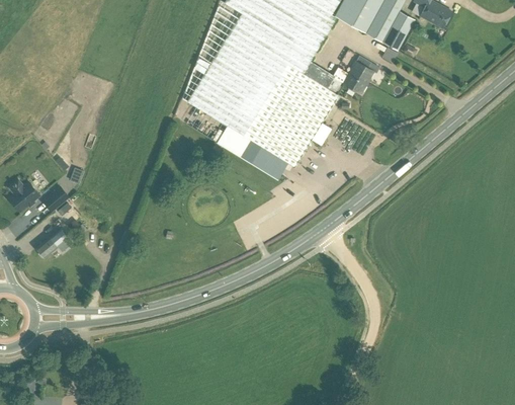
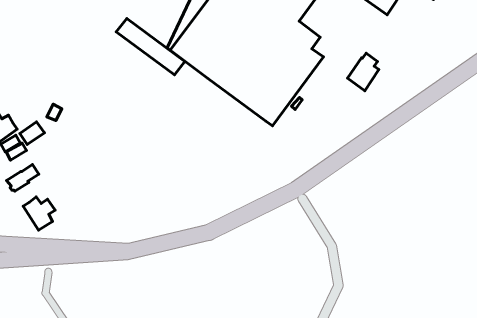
building: [342,56,372,93] -> [348,53,379,91]
building: [216,128,286,179] -> [116,18,185,75]
building: none -> [23,197,55,230]

